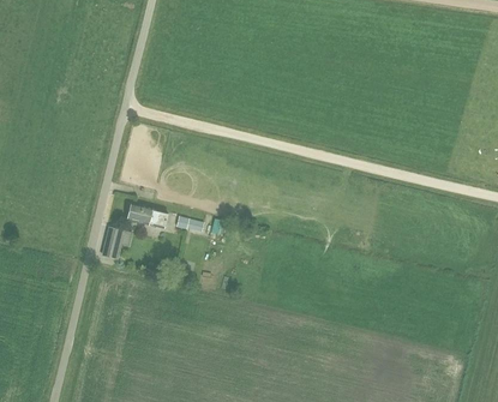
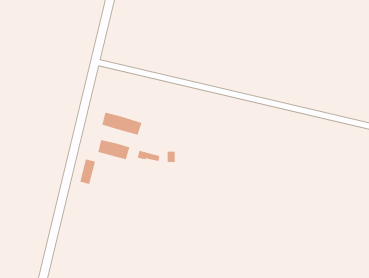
building: none -> [102,112,142,136]

